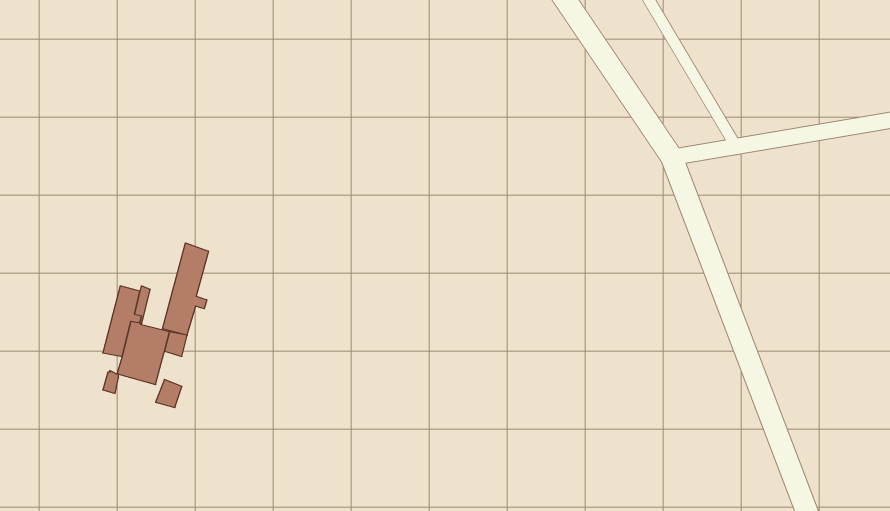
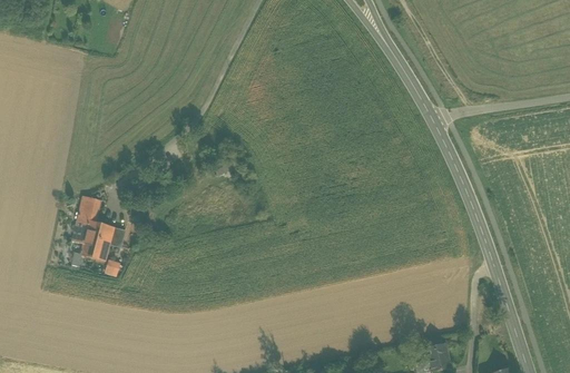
building: [163,243,209,335] -> none

